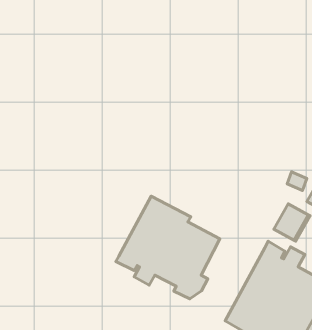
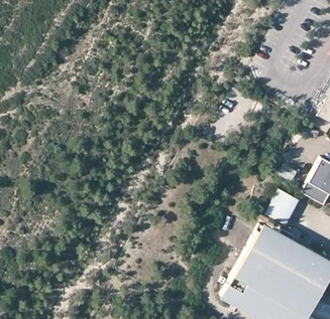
building: [116,196,220,299] -> none

